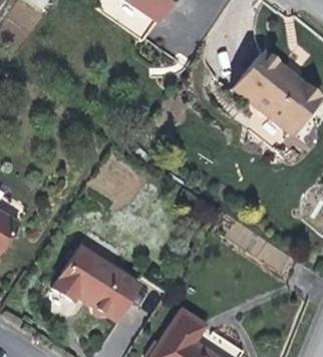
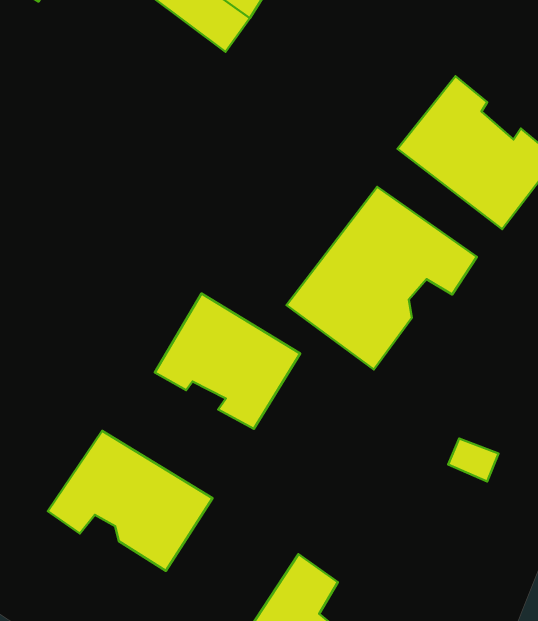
building: none -> [286,187,477,370]
building: none -> [155,293,300,429]

